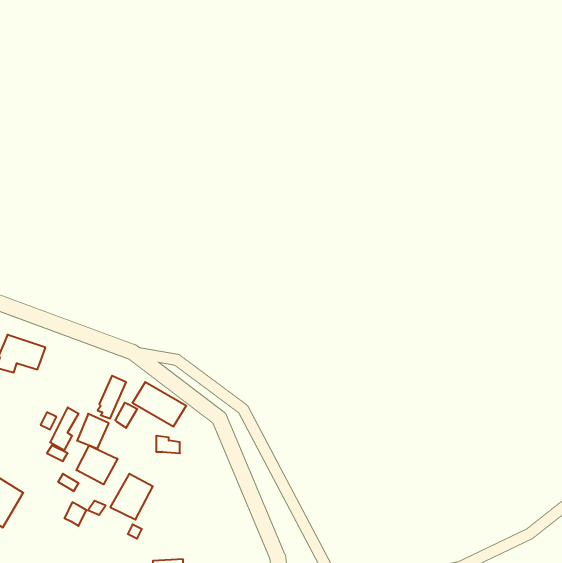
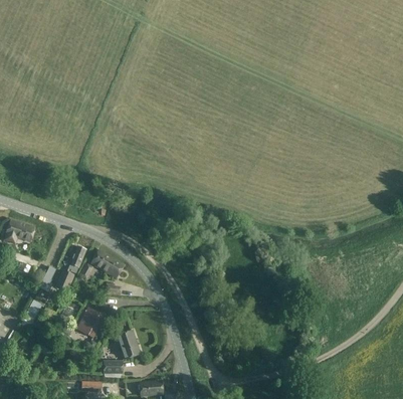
building: [76,446,118,484] -> none
building: none -> [115,331,139,359]

